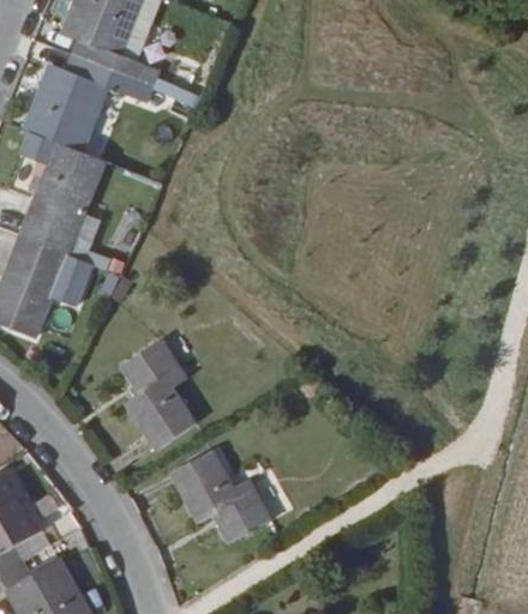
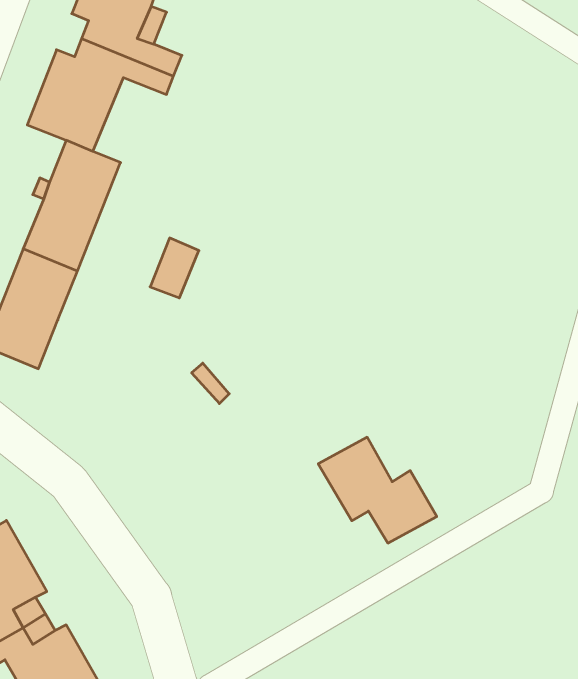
building: [52,253,94,305] -> [150,238,199,298]
building: [119,341,192,449] -> none
building: [168,451,270,542] -> [318,437,437,543]

